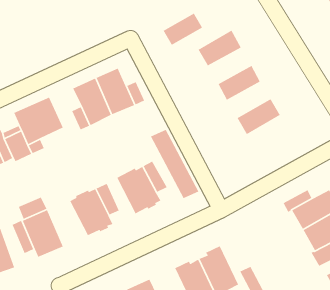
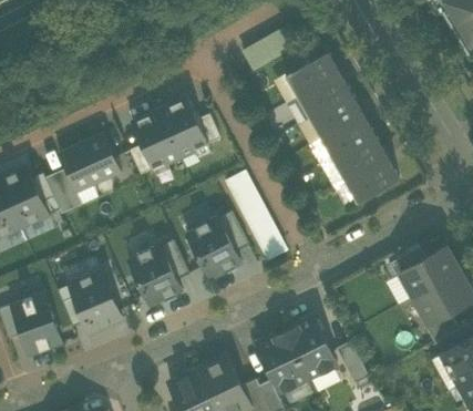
building: none -> [298,73,352,117]
building: none -> [321,115,376,160]
building: none -> [346,156,400,203]

